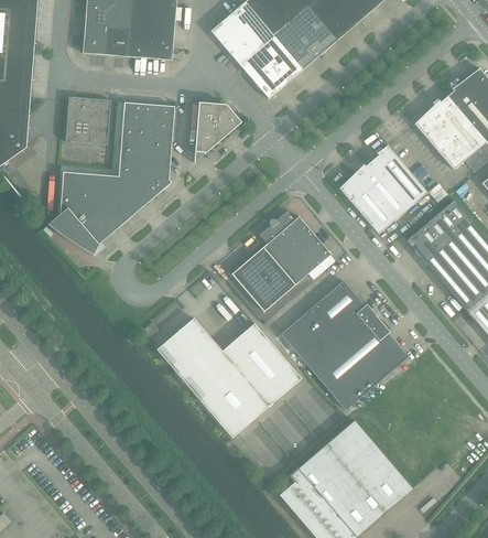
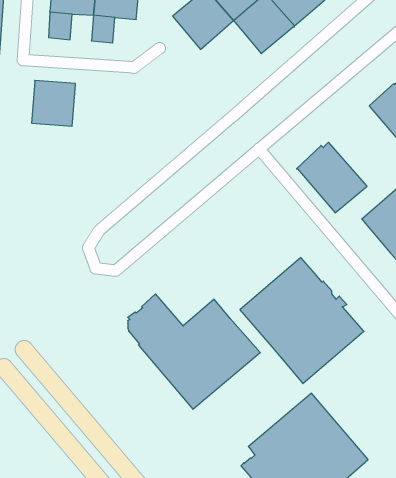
building: [105,29,129,56] -> none
building: [149,32,173,61] -> none
building: [239,35,302,99] -> none
building: [193,101,241,162] -> none
building: [46,103,174,255] -> none
building: [371,144,426,206] -> none
building: [231,211,330,311] -> none

